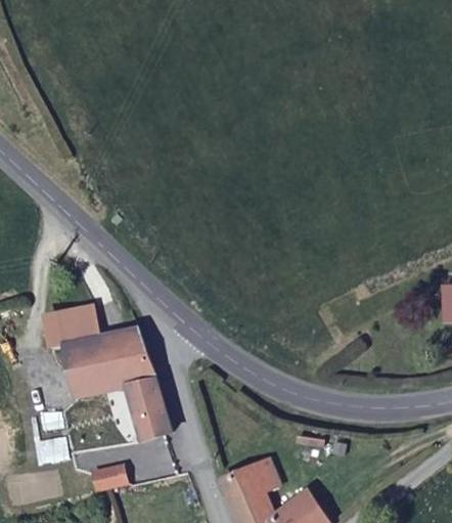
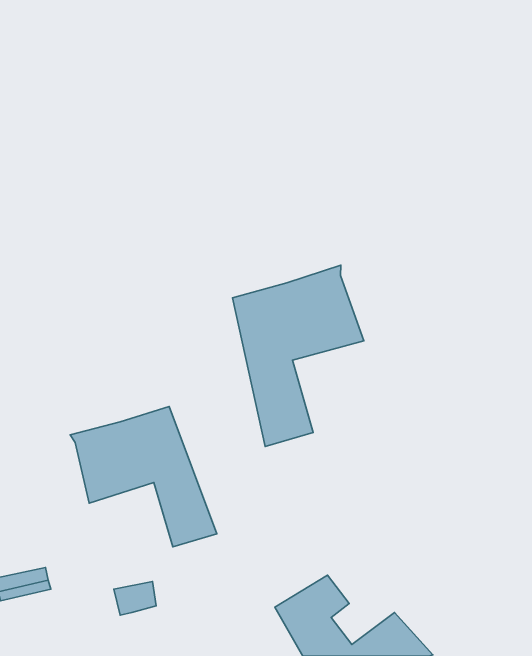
building: none -> [233,265,364,447]
building: [40,303,96,355] -> none

